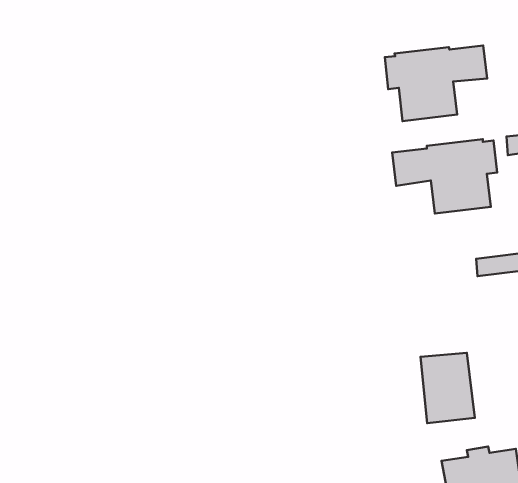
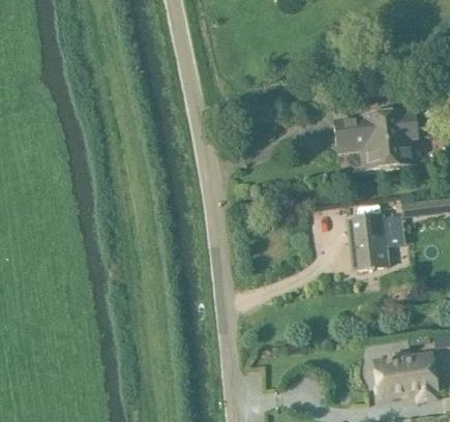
building: [385,45,487,121] -> none
building: [420,353,475,423] -> [349,214,391,269]

